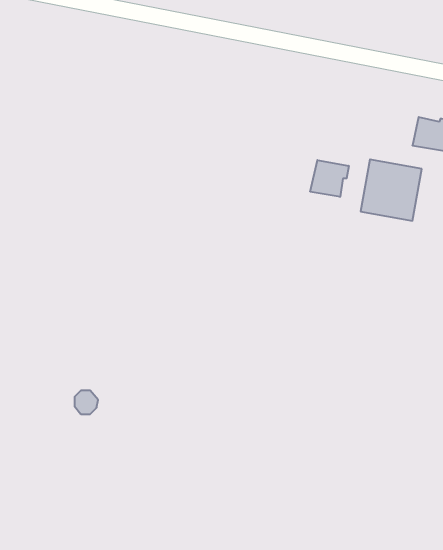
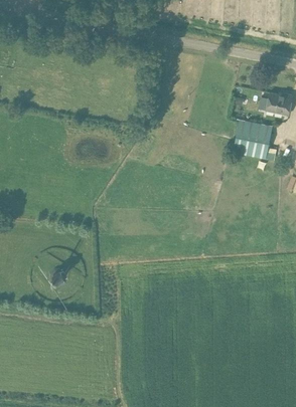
building: [310,160,349,197] -> none

